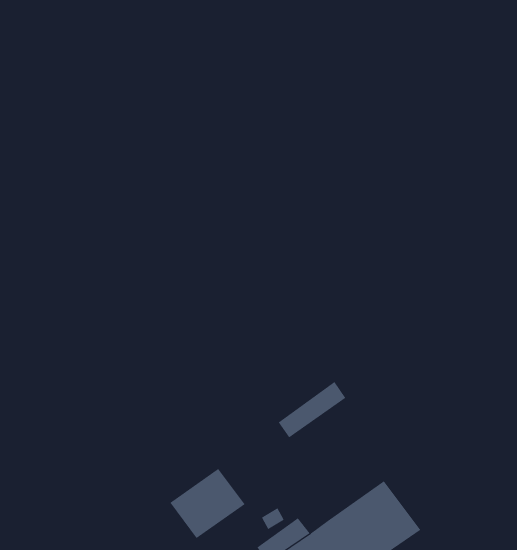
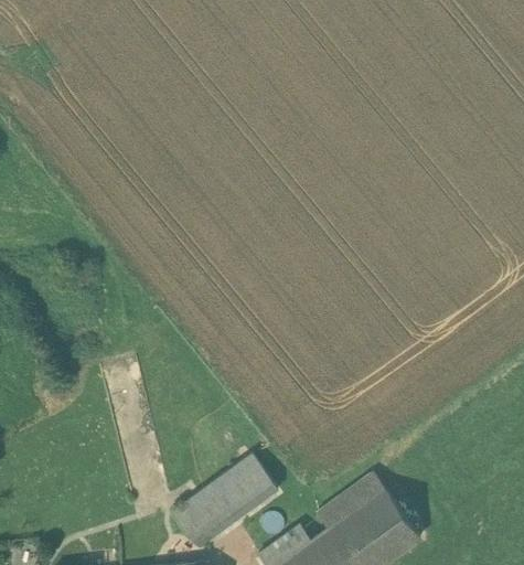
building: [278,381,346,438] -> [317,471,384,527]
building: none -> [221,452,278,511]

